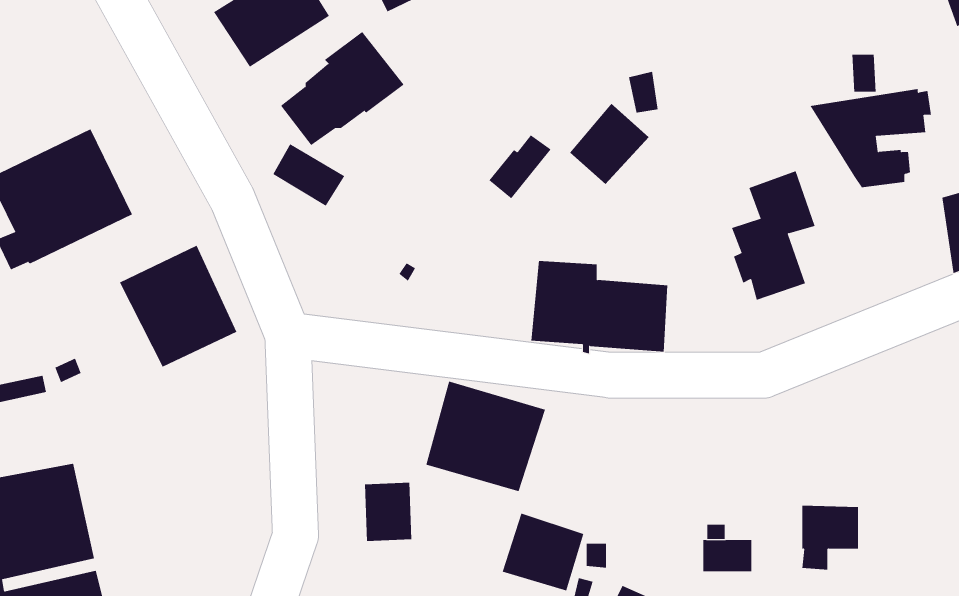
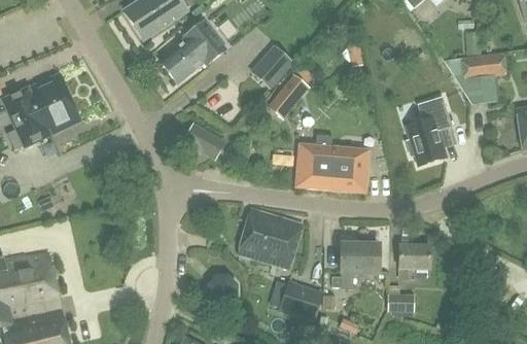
building: [569,103,649,185] -> [251,43,294,88]
building: [273,144,345,207] -> [184,124,223,158]
building: [119,245,237,367] -> none
building: none -> [341,244,379,288]
building: [801,505,859,570] -> [399,244,430,279]

